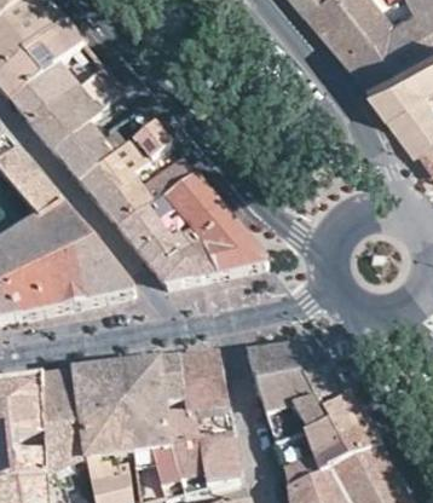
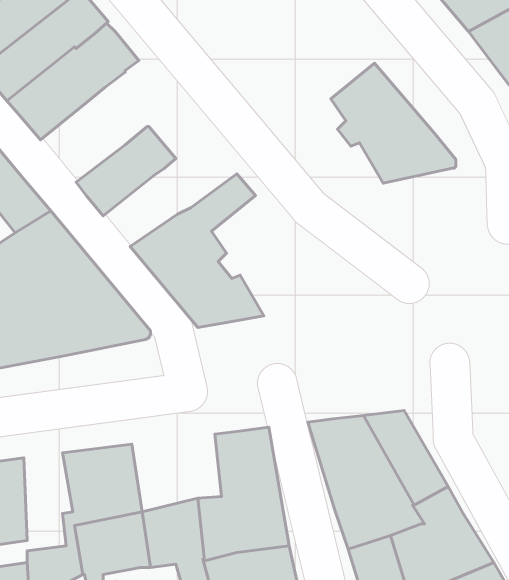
building: [56,109,152,180] -> none
building: [100,148,196,226] -> none
building: [178,190,267,276] -> [331,63,456,183]
building: [121,360,185,416] -> none
building: [44,374,79,444] -> none

